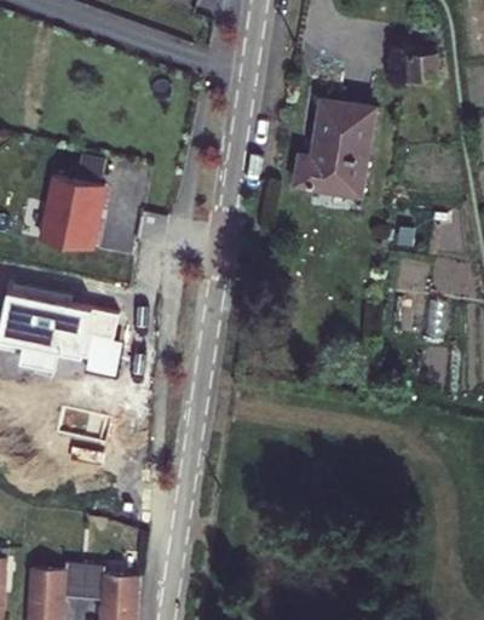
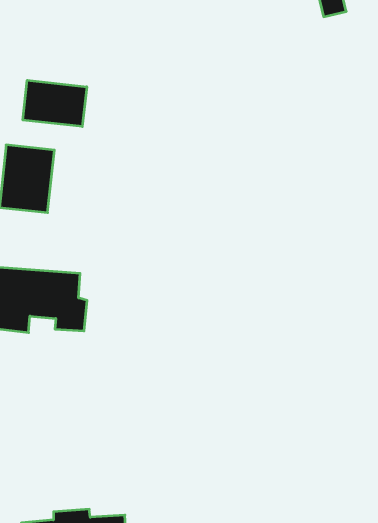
building: [289,104,375,207] -> none
building: none -> [23,80,87,127]

